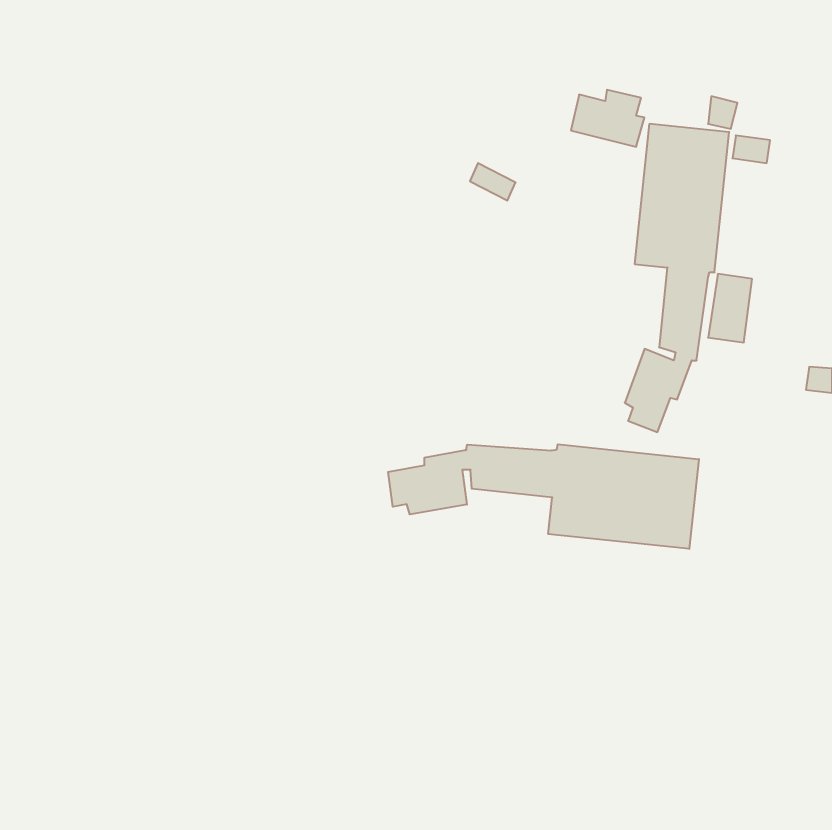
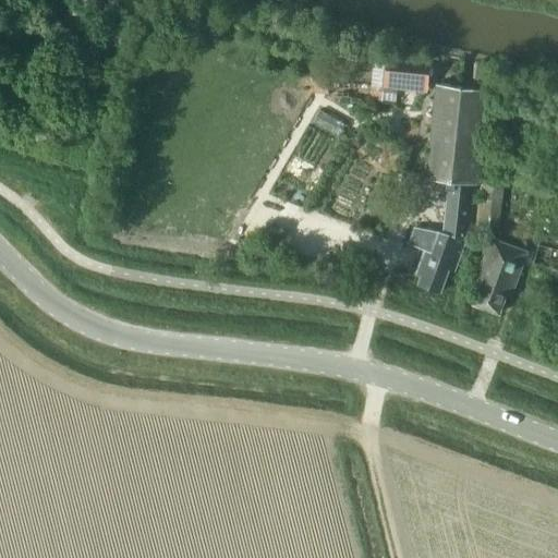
building: none -> [472,238,527,312]
building: [388,444,699,549] -> none

